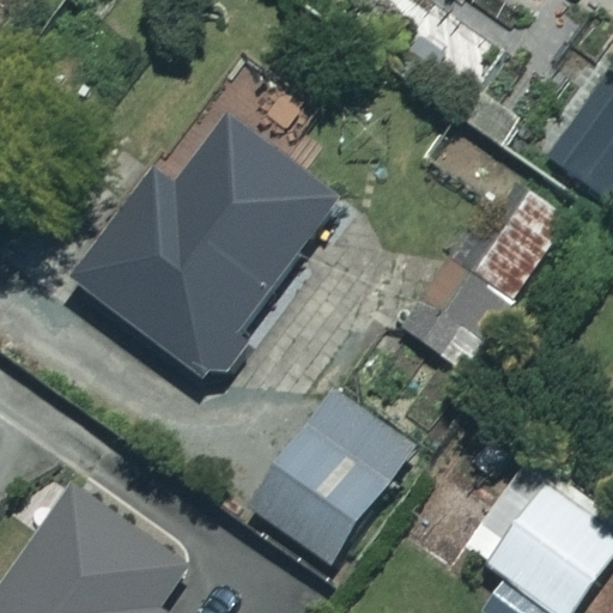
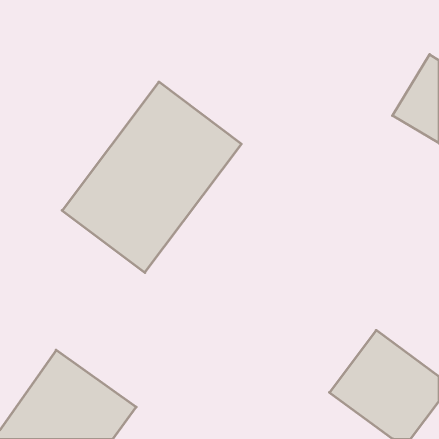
building: [413,189,570,357] -> none
building: [248,392,411,564] -> none

